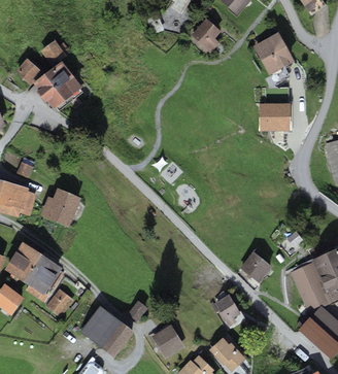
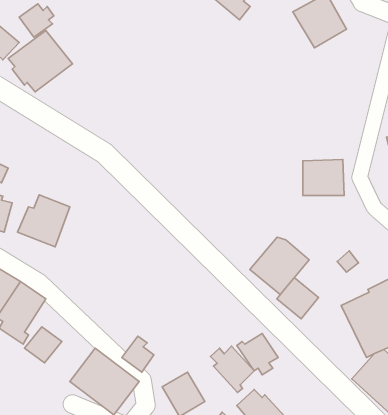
building: [259,103,291,131] -> [303,159,344,195]
building: none -> [250,237,309,294]
building: none -> [211,346,254,392]

